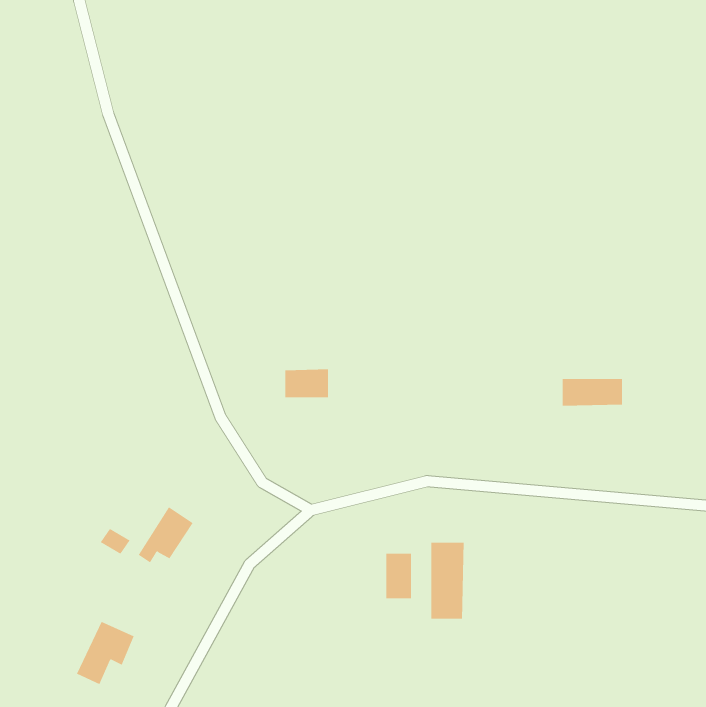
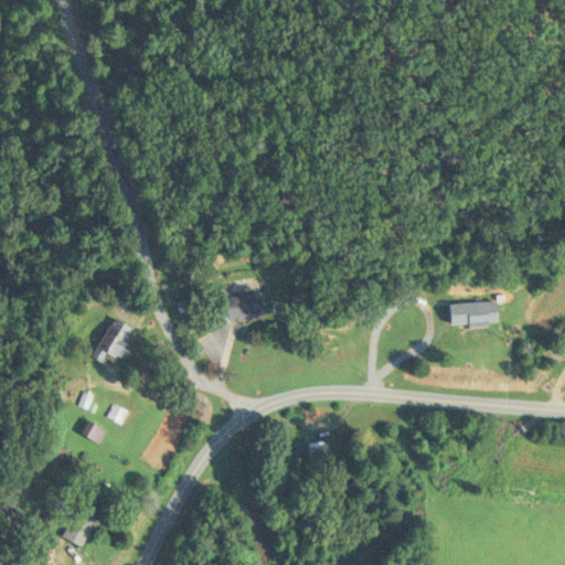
building: [138,506,193,563] -> [92,317,136,362]
building: [431,542,464,619] -> none

